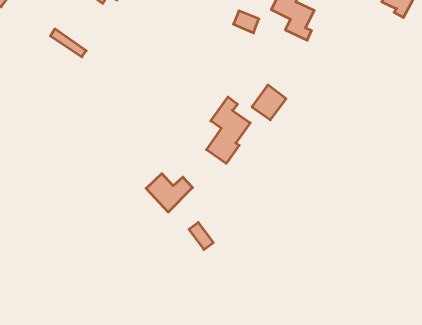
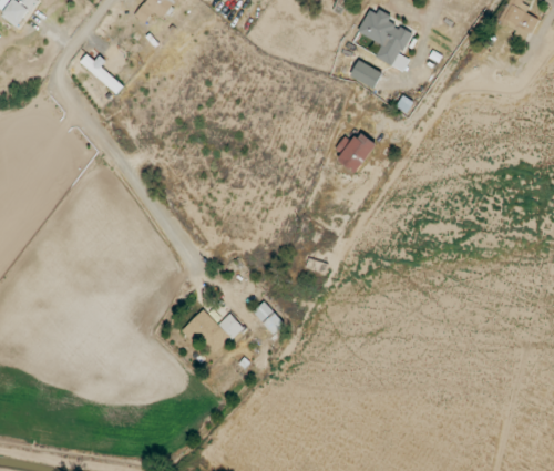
building: [233,11,259,33] -> [350,60,382,88]
building: [206,97,250,163] -> none
building: [146,174,193,212] -> [184,308,243,357]

